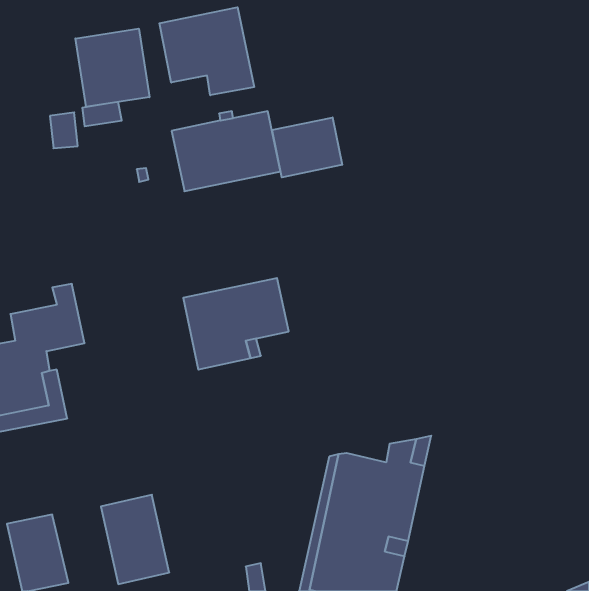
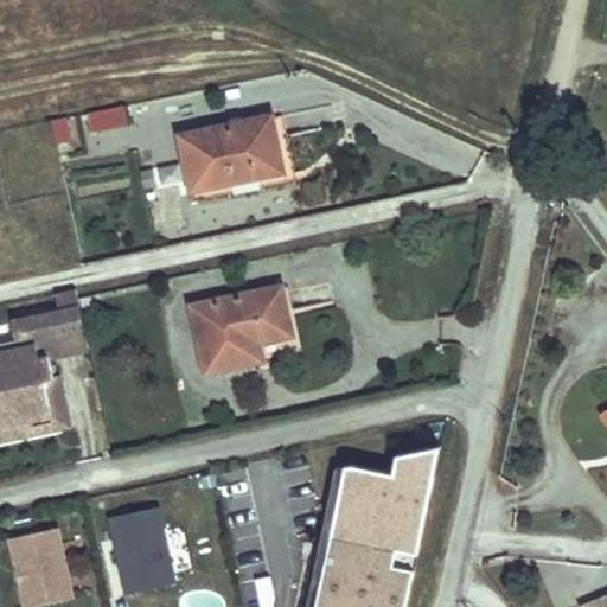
building: [159,7,254,95] -> none
building: [75,29,149,107] -> none
building: [272,117,342,177] -> none

